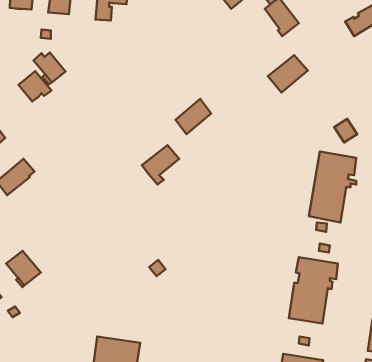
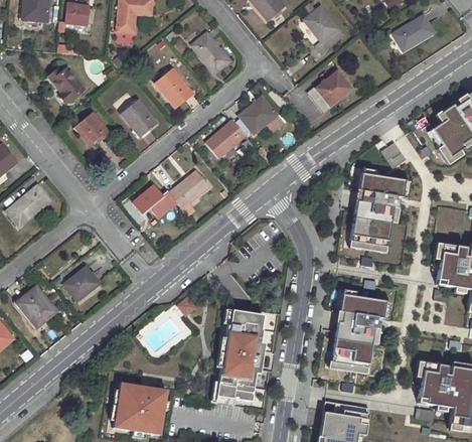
building: none -> [193,32,230,71]
building: none -> [156,67,194,108]
building: [19,71,51,101] -> [74,112,111,145]
building: none -> [239,96,278,133]
building: none -> [122,100,157,137]
building: none -> [133,184,176,216]
building: none -> [64,267,99,300]
building: none -> [211,310,264,405]

